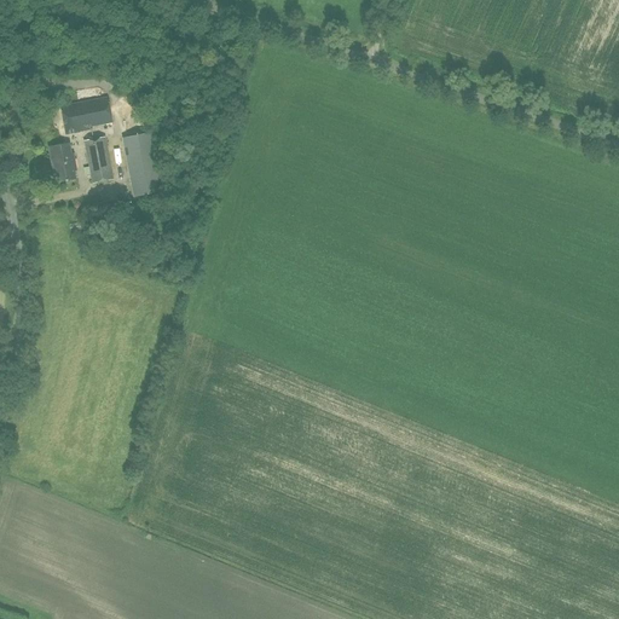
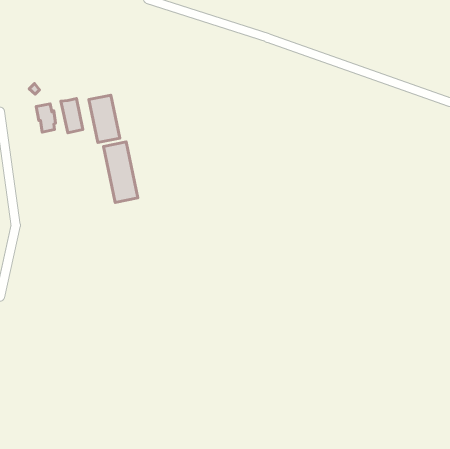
building: [59,96,112,134] -> none
building: none -> [104,142,138,202]

